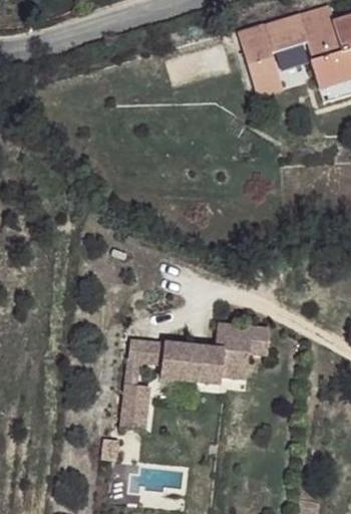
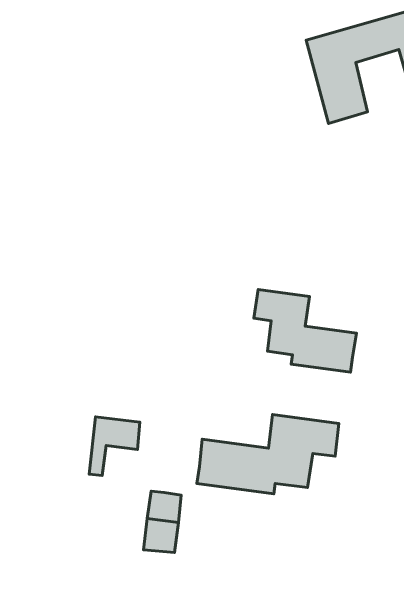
building: none -> [254,290,356,372]
building: [123,336,162,381] -> [89,417,140,476]

